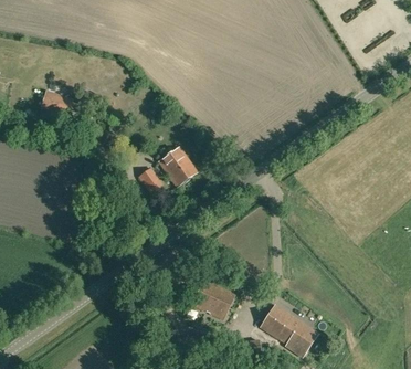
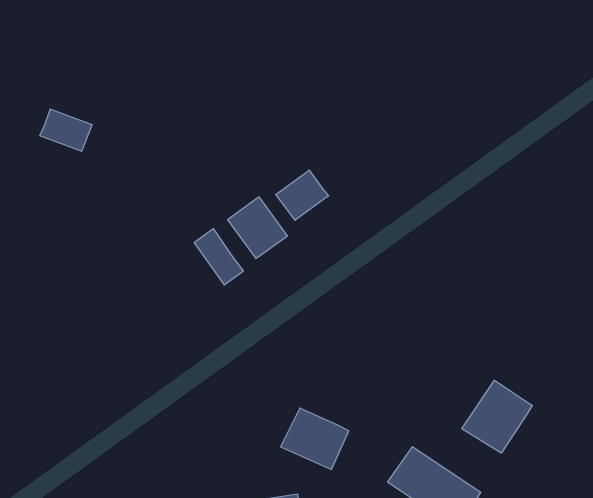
building: none -> [276,170,329,220]
building: none -> [462,380,532,453]

